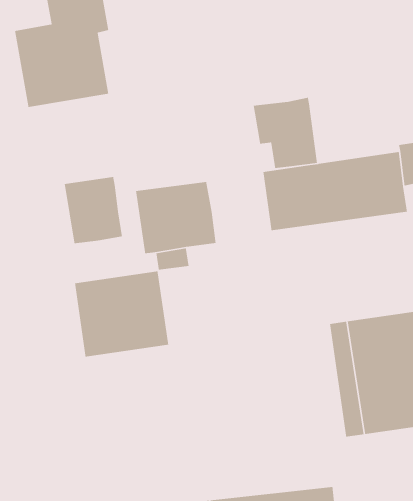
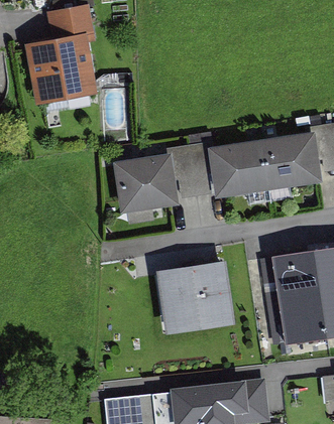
building: [253,97,318,169] -> [168,143,216,196]
building: [64,176,123,244] -> none
building: [74,271,169,357] -> [161,263,232,327]

